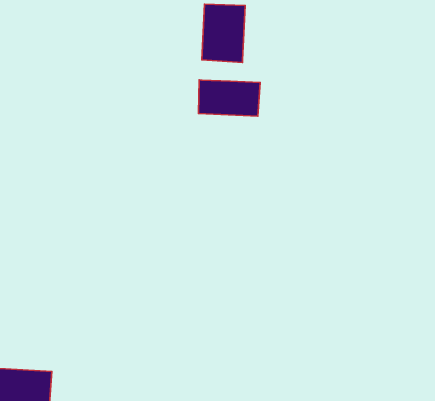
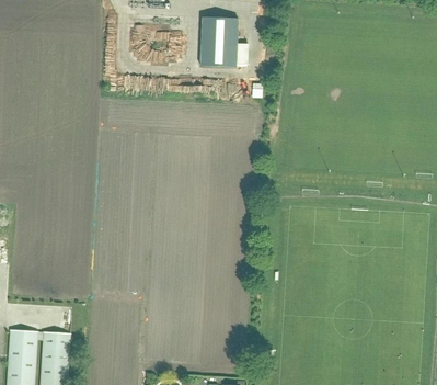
building: [198,80,260,116] -> none

